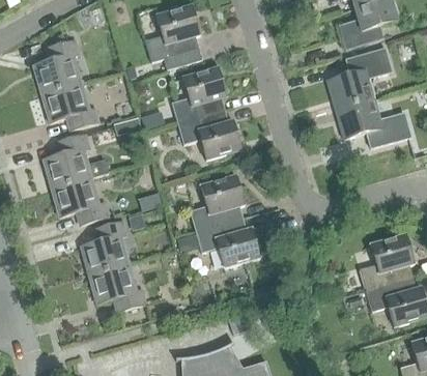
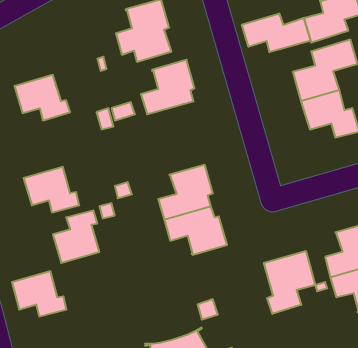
building: none -> [242,13,311,52]
building: [33,40,81,94] -> none
building: [177,110,241,160] -> none
building: [44,135,109,189] -> none
building: none -> [264,251,315,314]
building: [89,264,145,311] -> [12,271,67,317]

